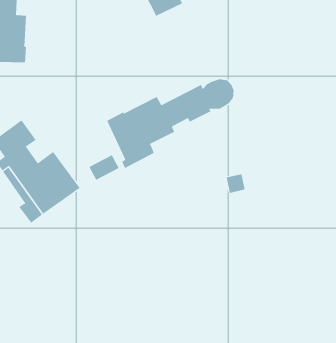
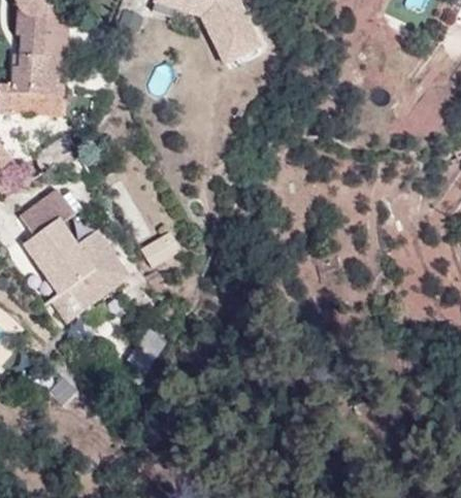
building: [106,78,234,169] -> none

